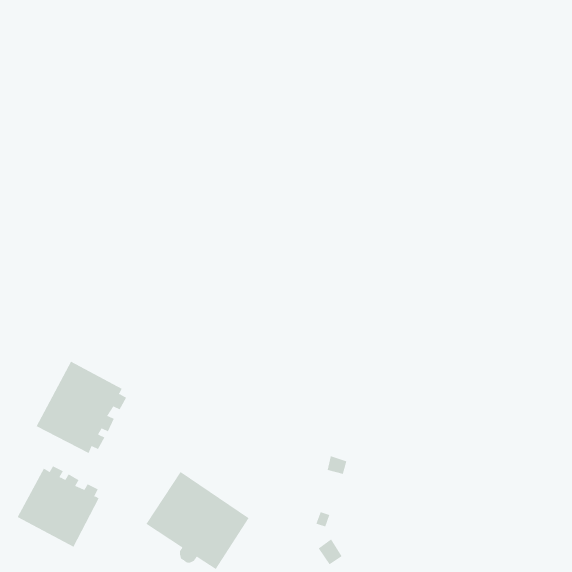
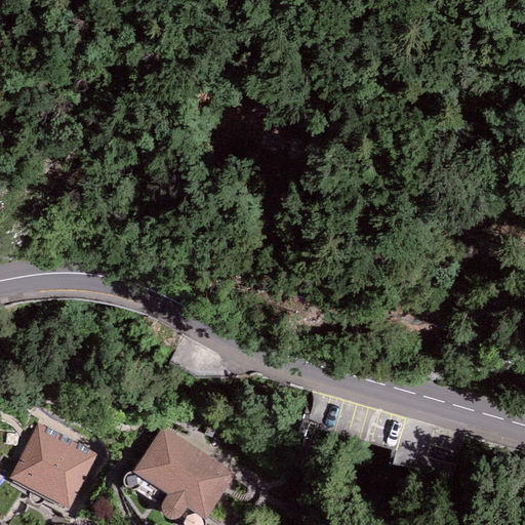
building: [36,361,127,454] -> none

